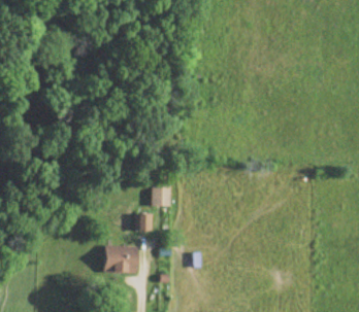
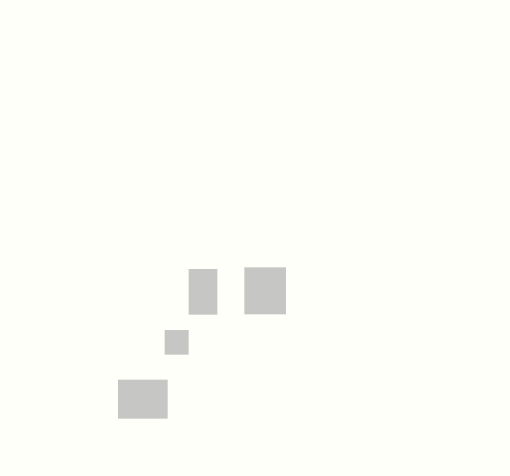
building: none -> [244,266,287,315]

